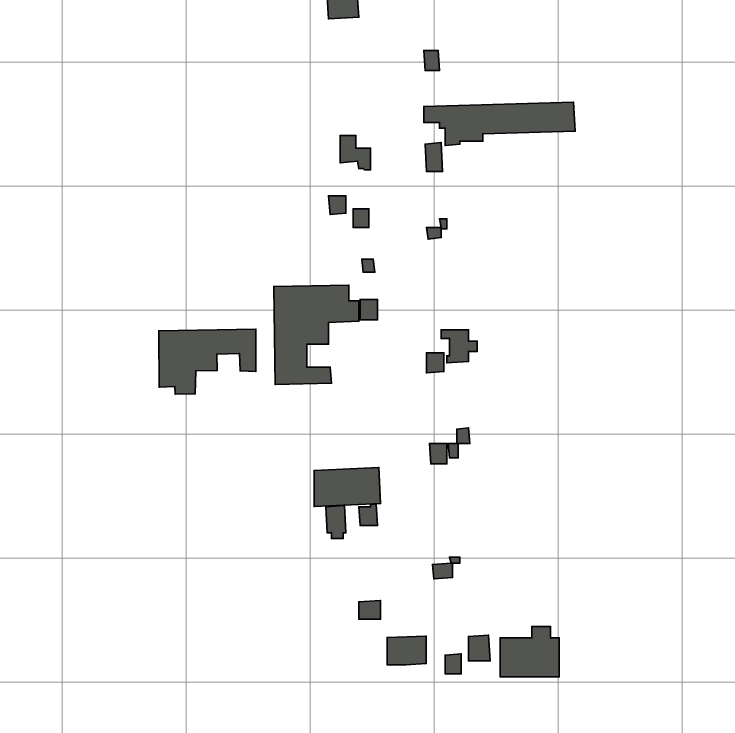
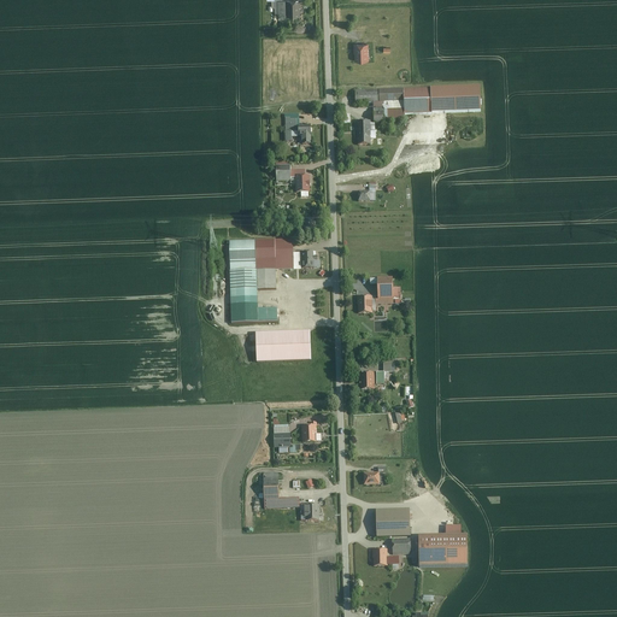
building: [159,329,256,394] -> none
building: [314,468,380,506] -> [255,328,311,360]
building: none -> [263,471,298,507]
building: [387,636,426,665] -> [376,509,409,533]

